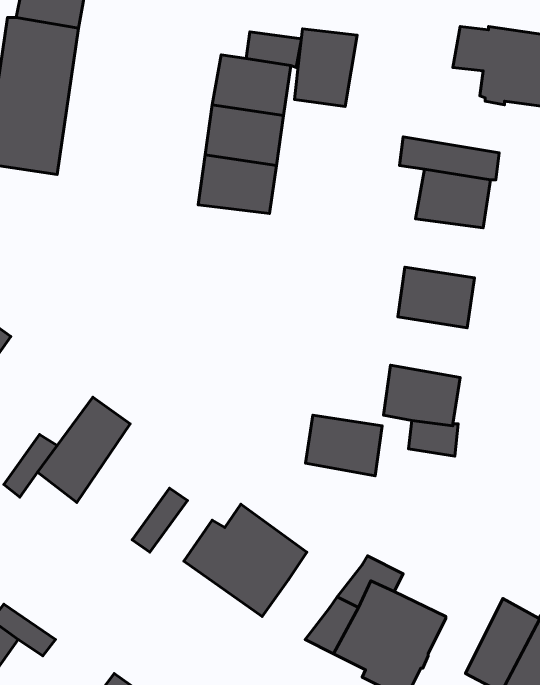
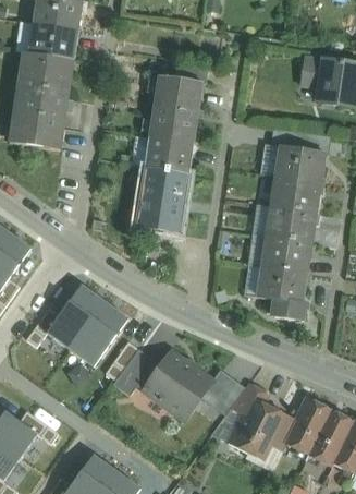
building: [295,29,357,106] -> none
building: none -> [136,168,188,234]
building: none -> [271,176,319,213]
building: [306,415,382,476] -> [262,237,309,274]
building: none -> [71,302,127,366]
building: none -> [112,349,154,396]
building: none -> [200,370,245,414]
building: none -> [285,397,331,455]

